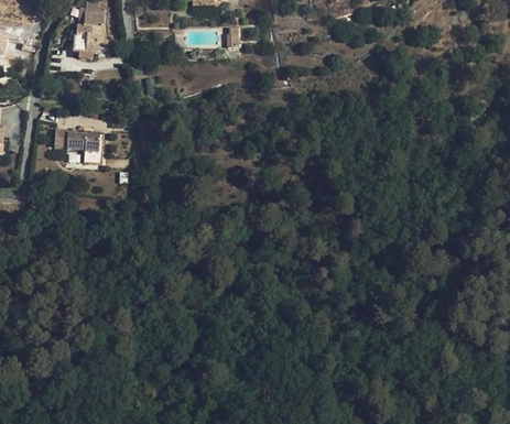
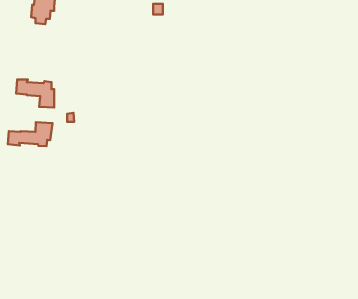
building: none -> [8,122,53,146]

